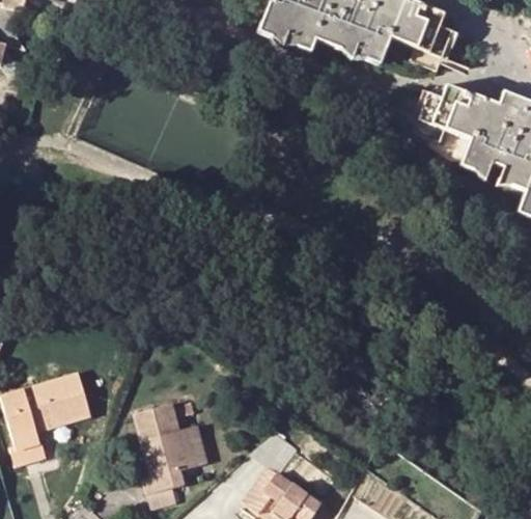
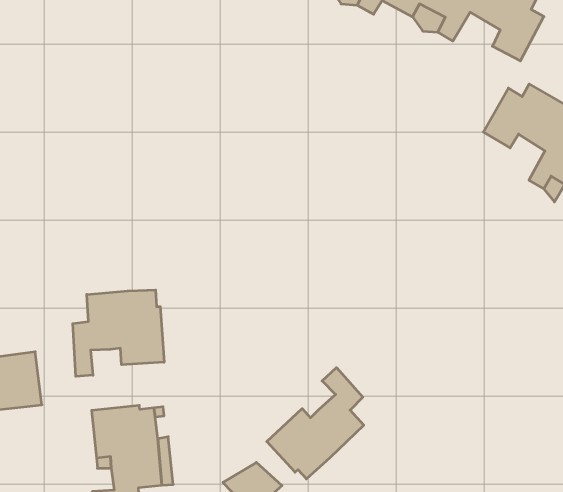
building: none -> [73,290,164,376]
building: none -> [267,368,364,479]

